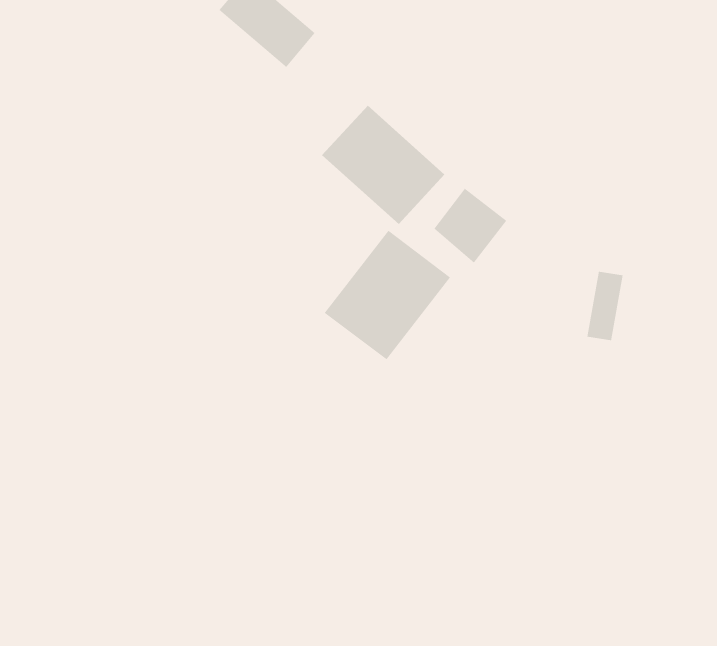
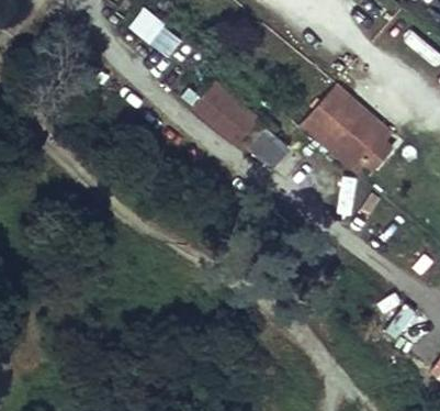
building: none -> [305,100,382,165]
building: [324,230,451,360] -> none

